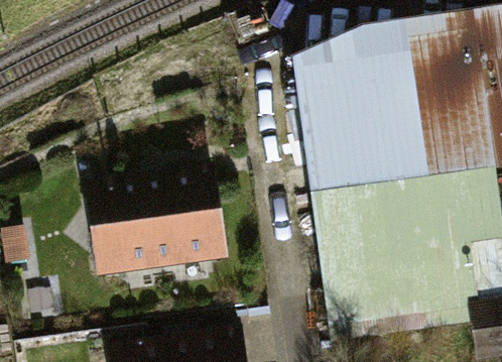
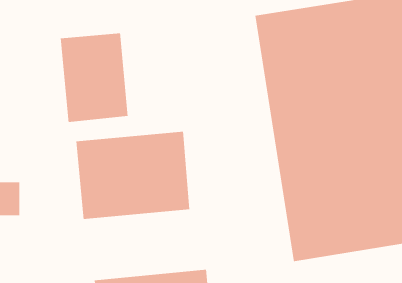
building: none -> [60,32,128,123]

